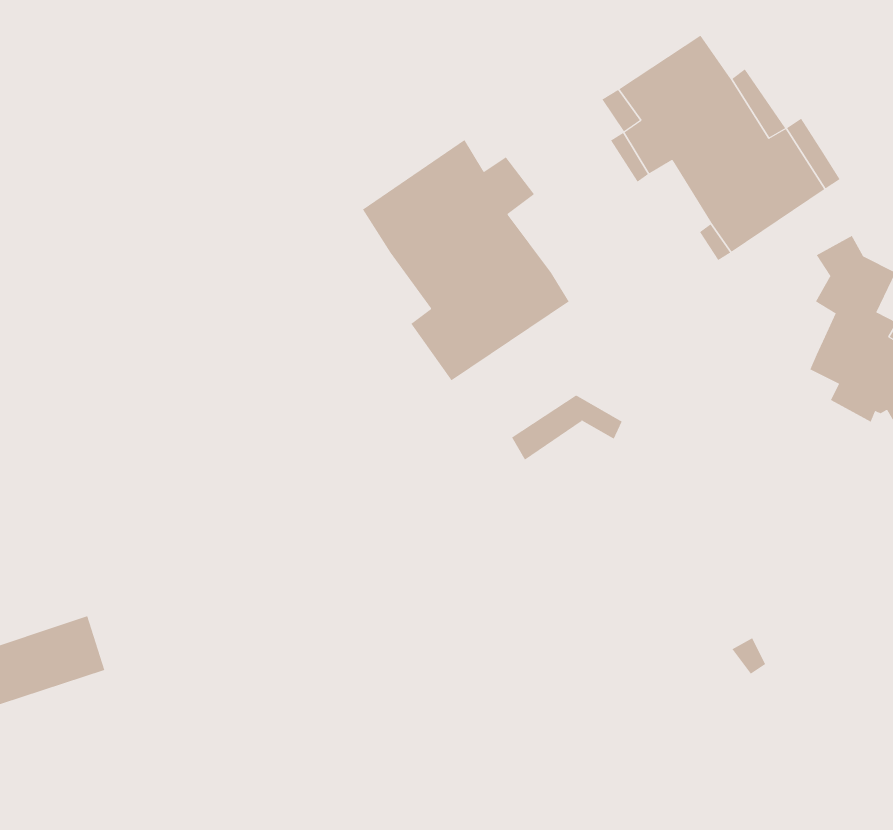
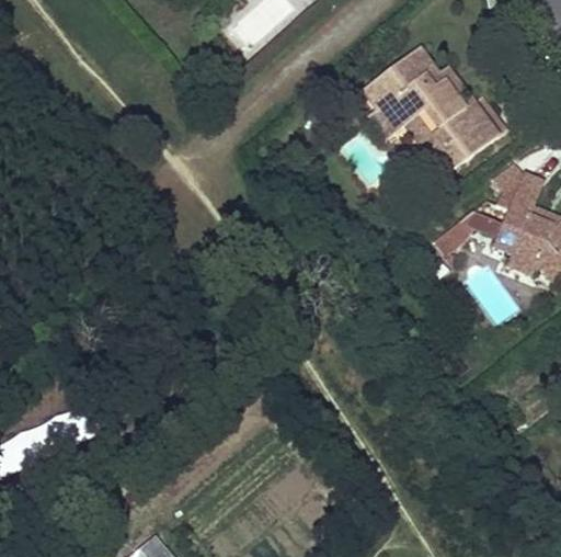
building: [362,139,570,381] -> none
building: [511,395,623,460] -> [437,209,503,250]

